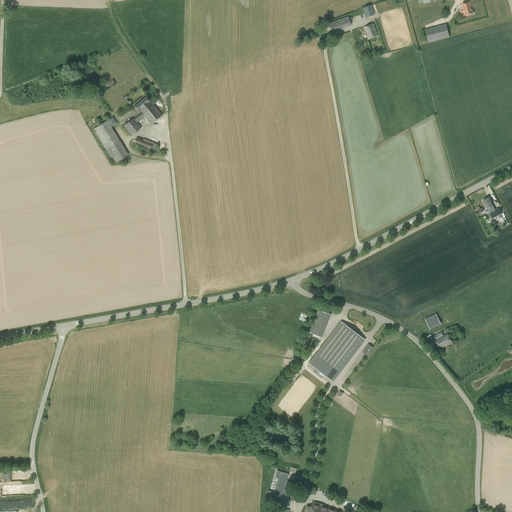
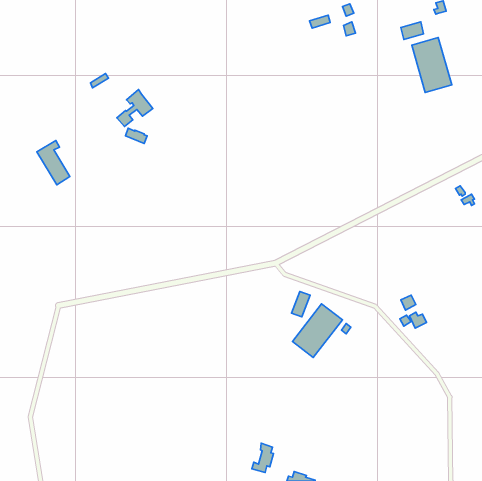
building: none -> [412,38,452,93]
building: [93,116,128,163] -> [37,141,70,185]

